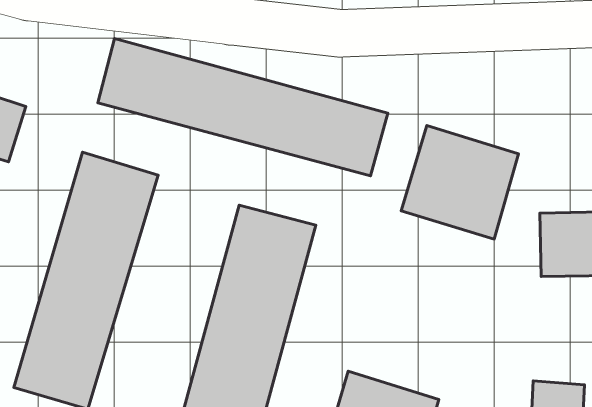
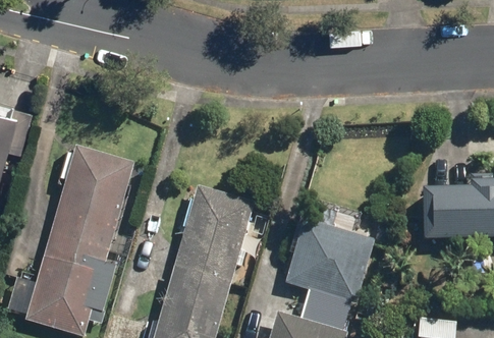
building: [98,38,388,176] -> none
building: [401,126,519,239] -> [285,217,374,302]

